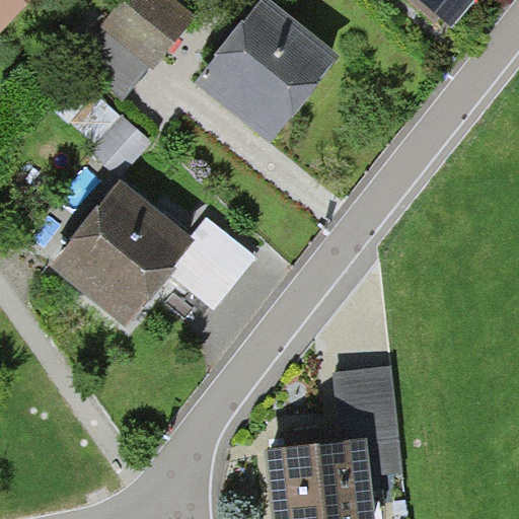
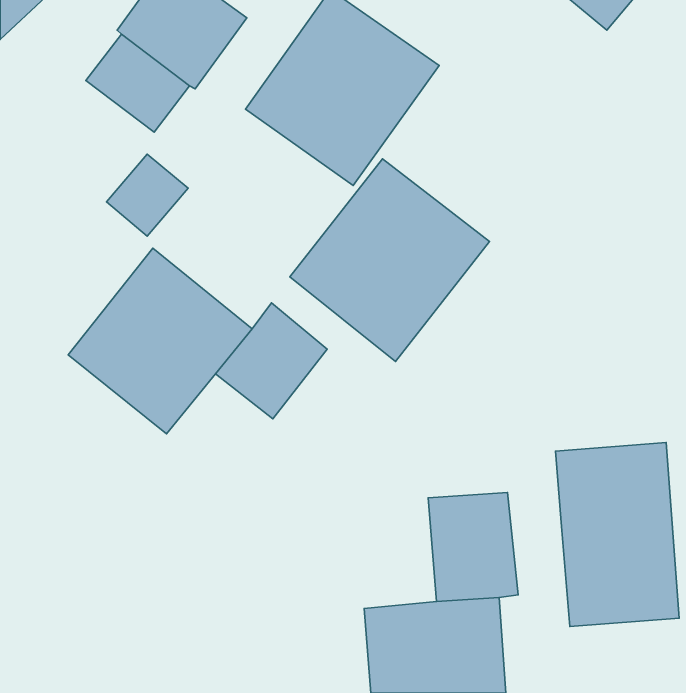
building: none -> [290,159,490,361]
building: none -> [555,443,679,626]

